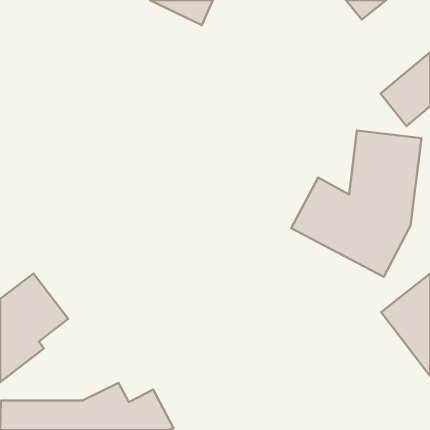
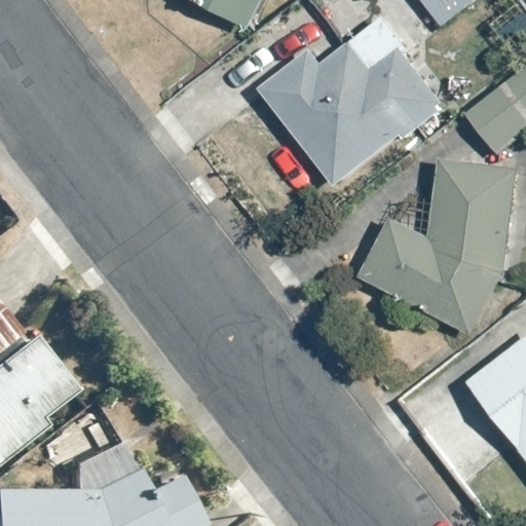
building: none -> [255,42,443,187]

